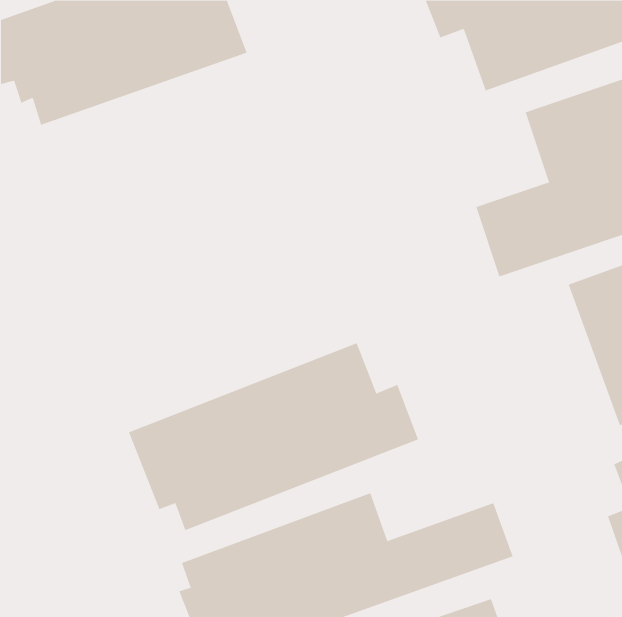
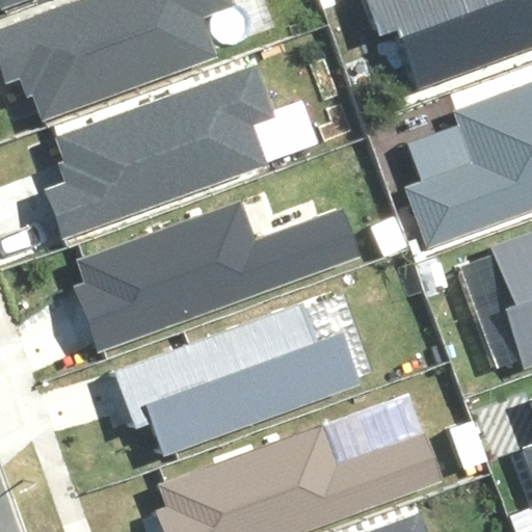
building: none -> [43,60,280,234]
building: none -> [75,204,357,351]

